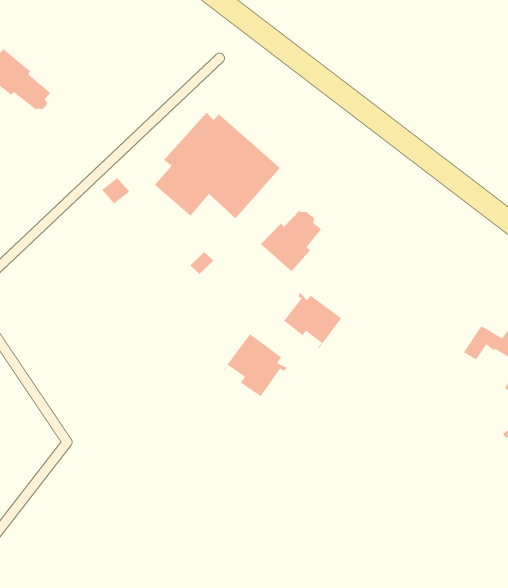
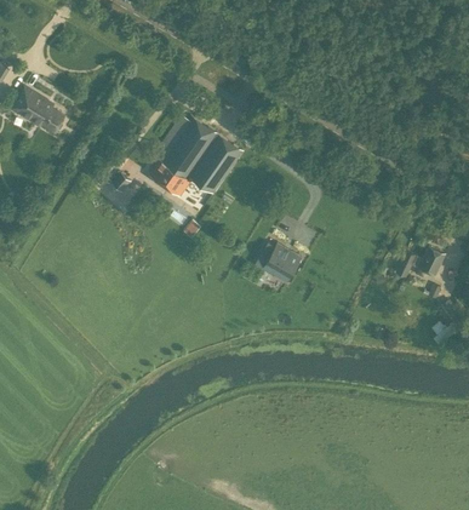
building: [260,210,322,272] -> none
building: [222,333,288,397] -> none

